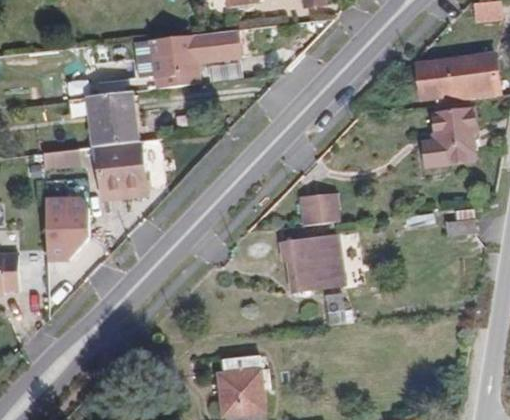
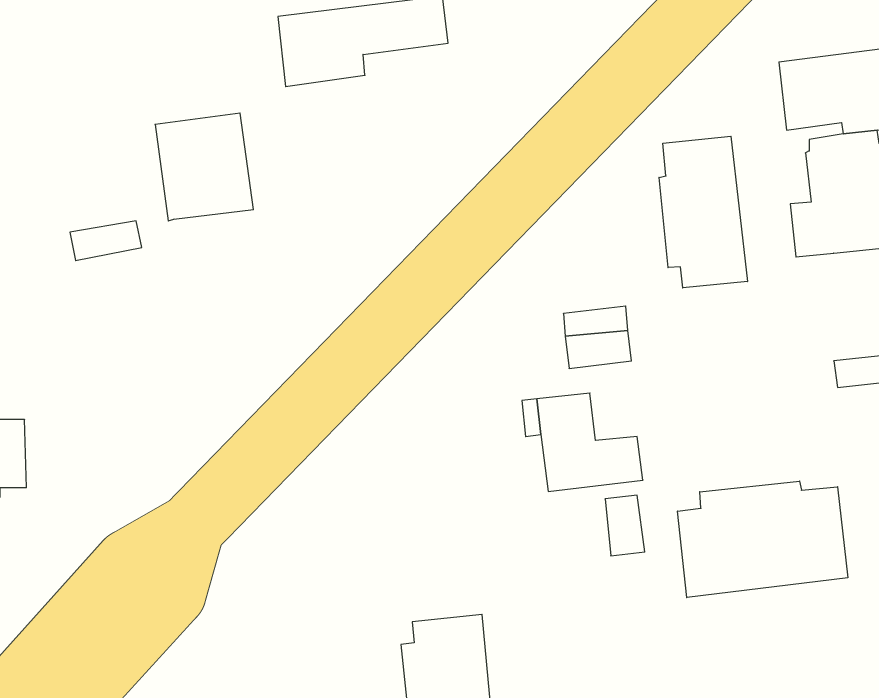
building: none -> [659,136,747,288]
building: [96,142,146,194] -> none
building: [42,195,87,263] -> none
building: none -> [678,481,848,598]

